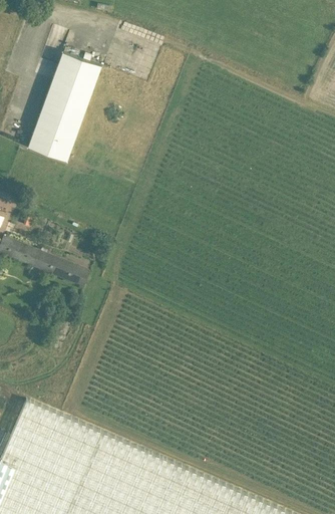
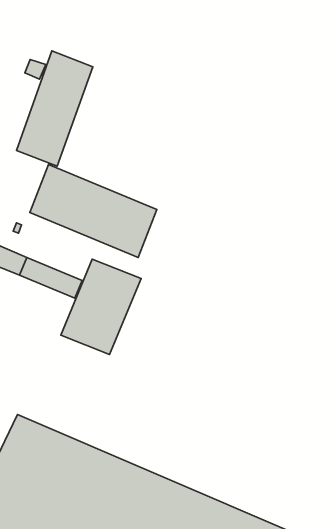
building: none -> [30,165,157,258]
building: none -> [61,259,141,355]

